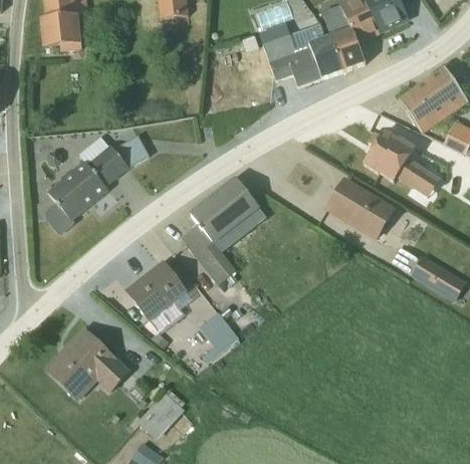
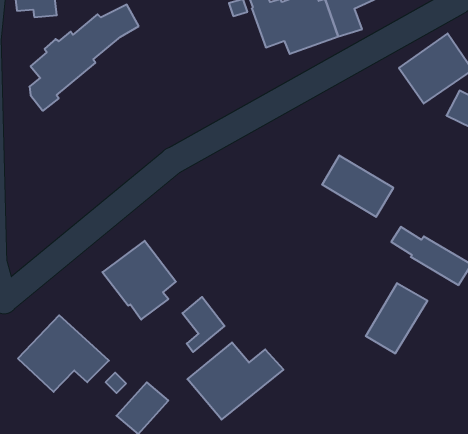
building: [364,130,442,197] -> none
building: [47,135,149,233] -> [29,5,139,110]
building: [182,178,259,284] -> none
building: none -> [366,283,427,354]
building: none -> [187,342,283,420]

